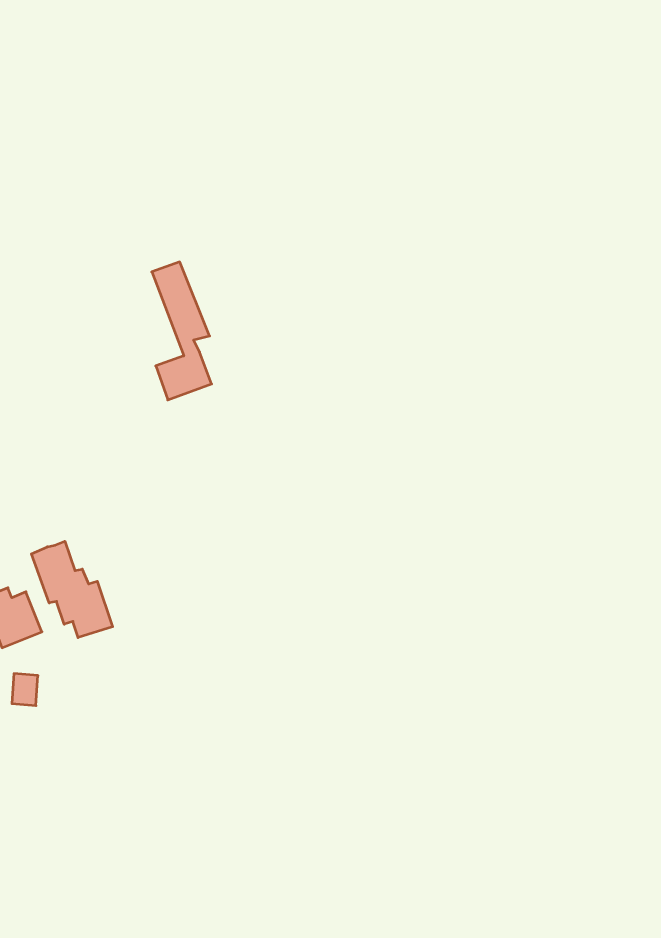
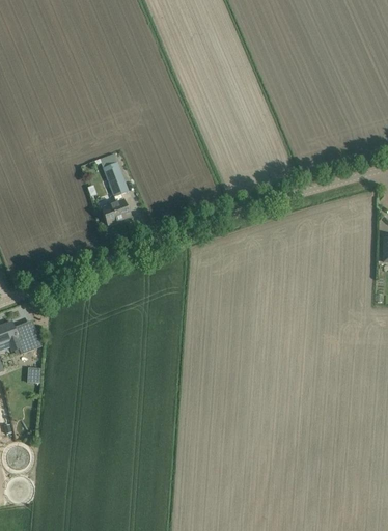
building: [31,541,113,638] -> none

